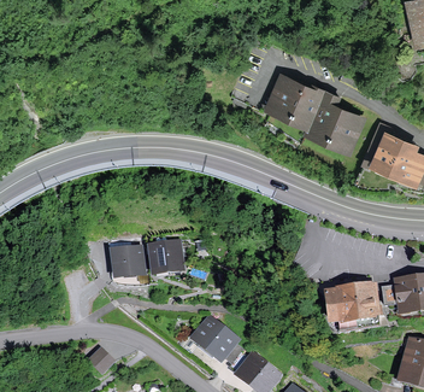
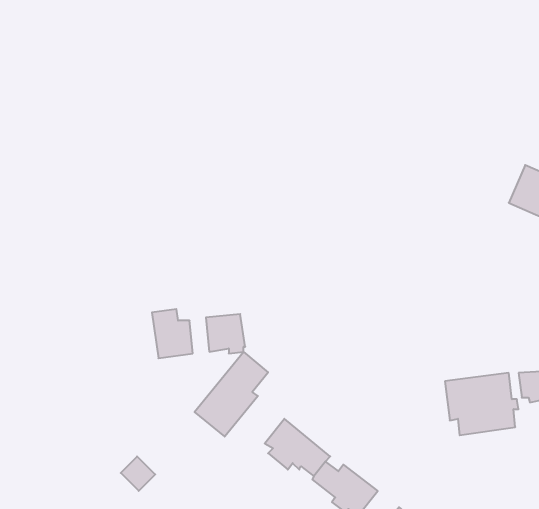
building: [270,78,360,147] -> none
building: none -> [195,352,268,437]

